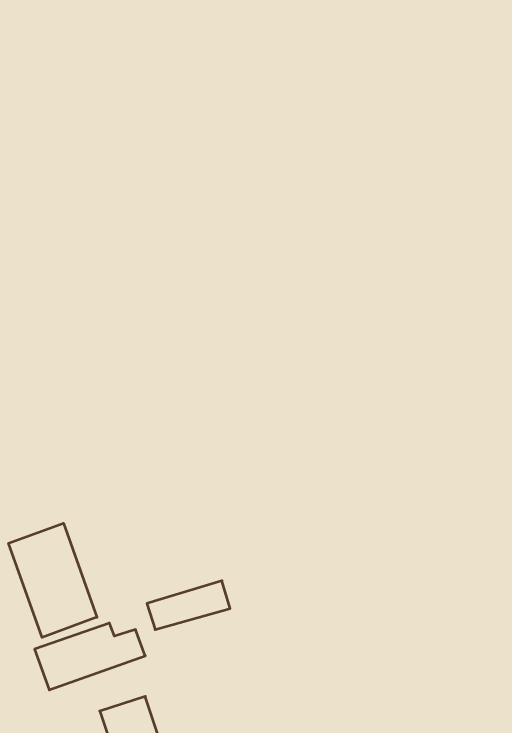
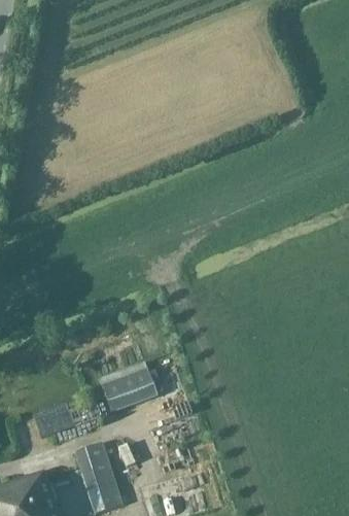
building: [9,523,97,637] -> none

